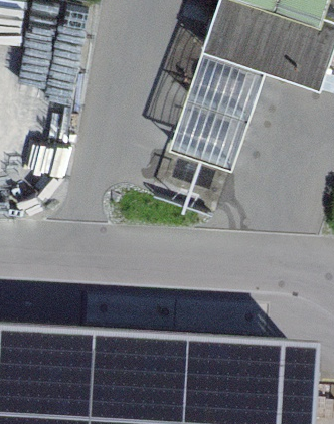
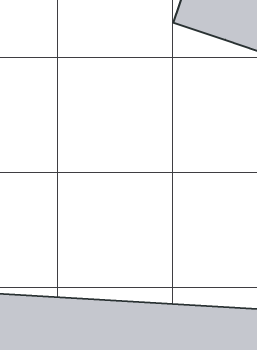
building: [172,35,268,154] -> none

